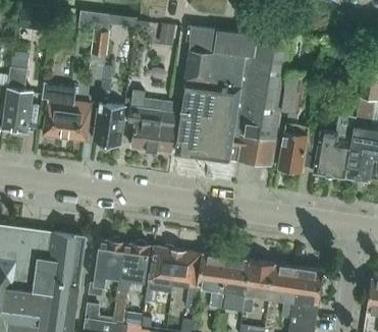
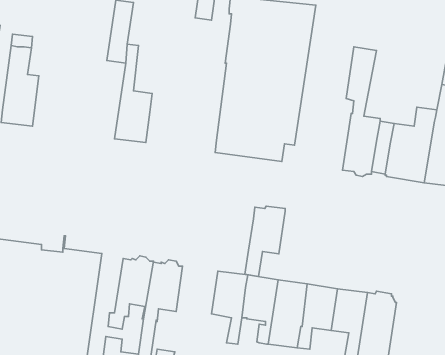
building: [237,36,292,167] -> none
building: [42,84,92,142] -> none
building: [122,91,176,154] -> none
building: [145,246,177,303] -> [245,206,285,277]

